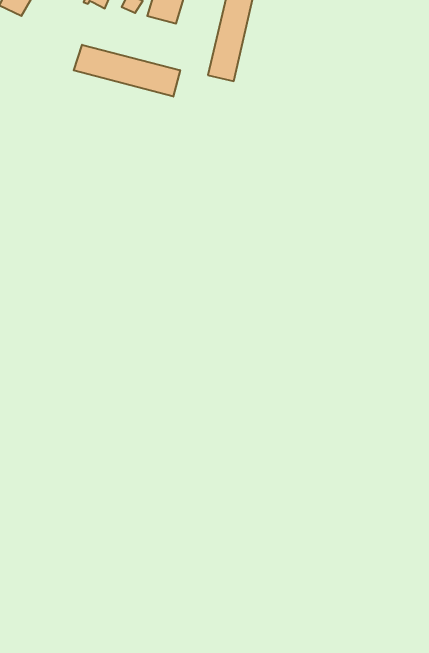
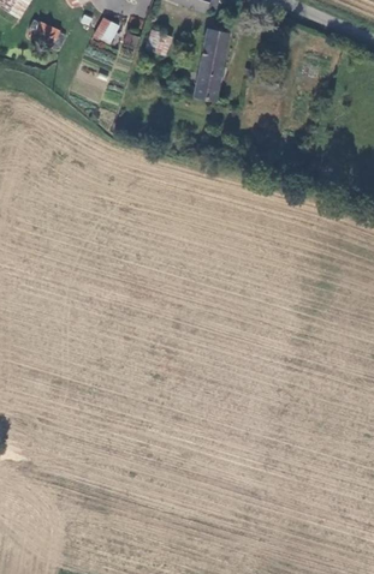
building: [74,45,180,97] -> none

